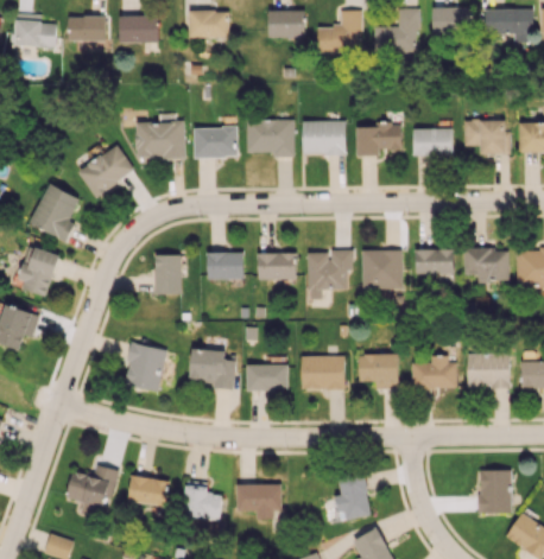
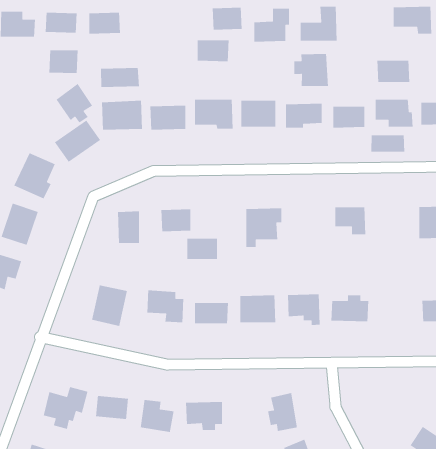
building: [432,7,473,34] -> [377,60,410,83]
building: [190,11,229,38] -> [197,39,229,62]
building: none -> [48,50,79,74]
building: none -> [293,53,329,87]
building: none -> [100,67,140,88]
building: none -> [56,83,93,124]
building: none -> [370,135,405,153]
building: [464,248,510,281] -> none
building: [361,249,403,291] -> none
building: [258,253,296,279] -> [186,238,218,260]
building: [467,354,510,388] -> none
building: [480,470,512,513] -> none

